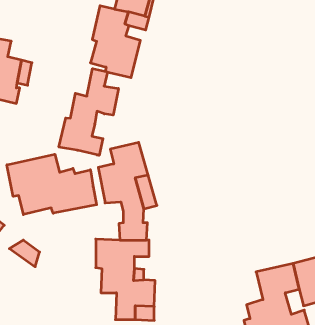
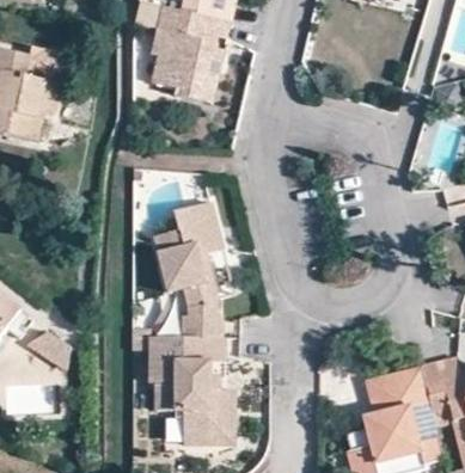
building: [59,69,118,155] -> none
building: [7,154,97,215] -> none

